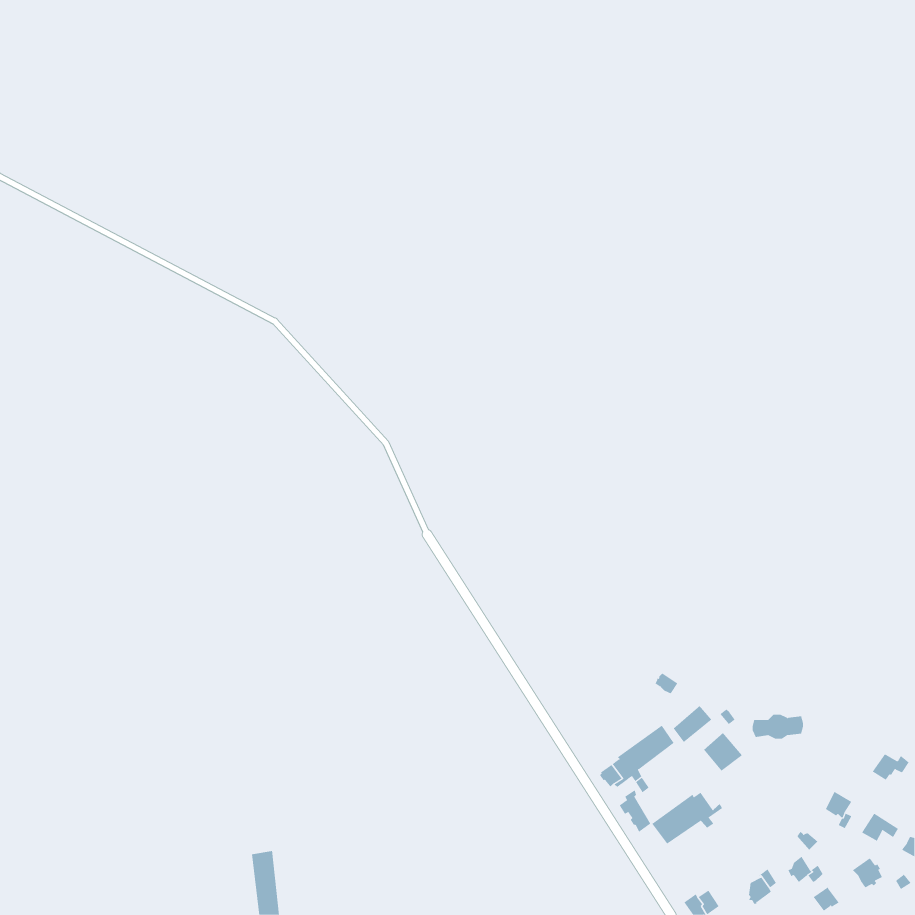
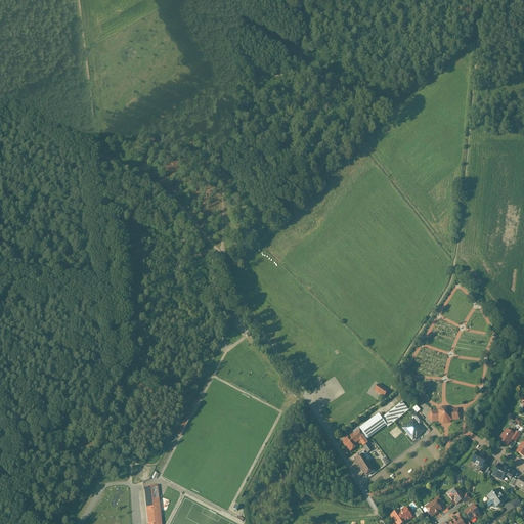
building: [651,792,723,844] -> none

